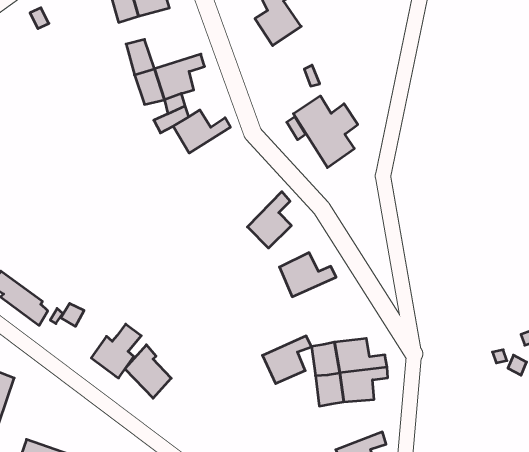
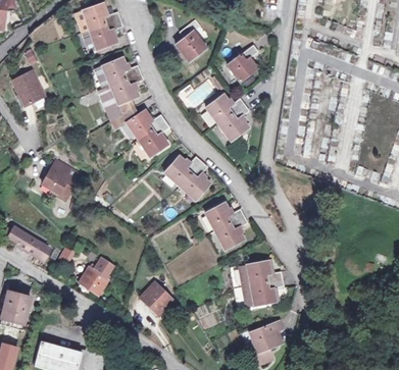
building: none -> [228,46,259,84]
building: none -> [102,57,141,85]
building: none -> [10,70,43,106]
building: none -> [138,120,169,157]
building: none -> [43,160,81,199]
building: none -> [164,156,202,187]
building: [262,336,311,384] -> [214,216,247,250]
building: [125,345,171,398] -> [142,281,173,317]

